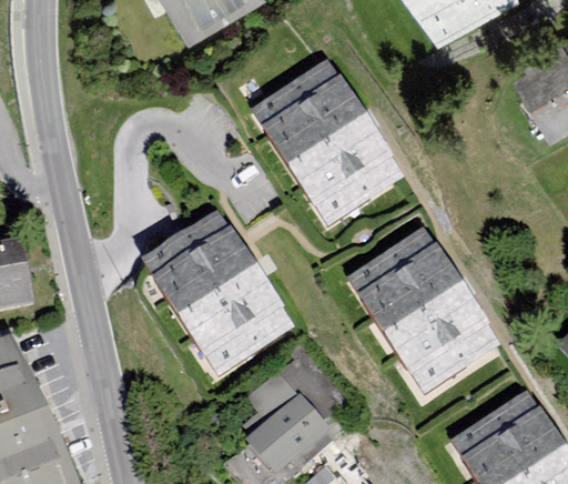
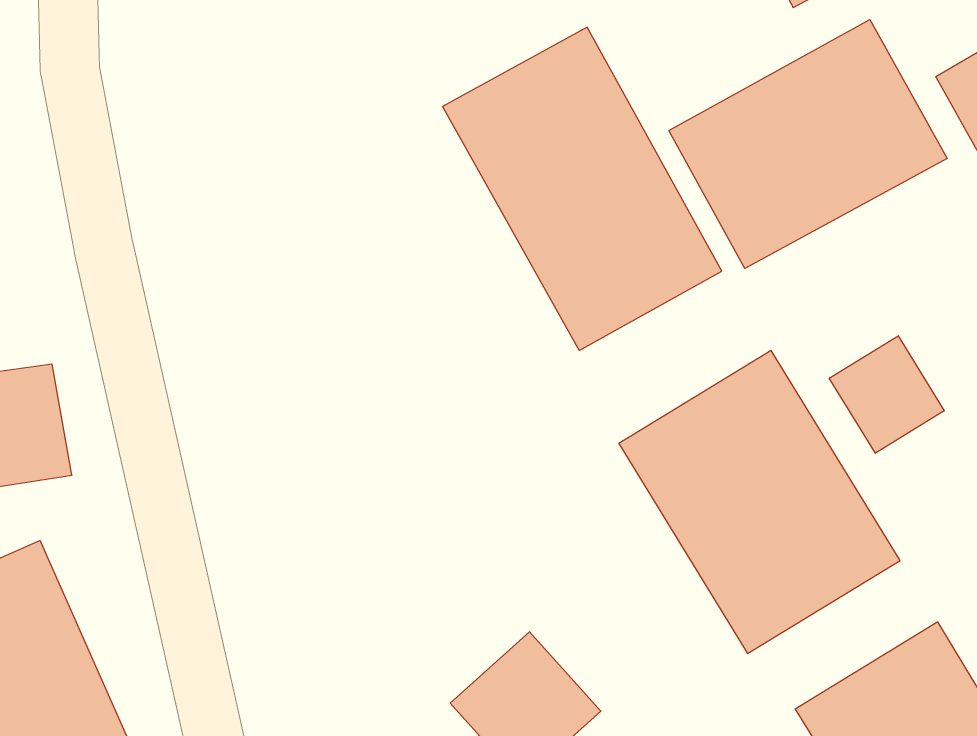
building: none -> [669,20,947,268]
building: [151,220,297,375] -> none
building: none -> [829,336,944,453]

